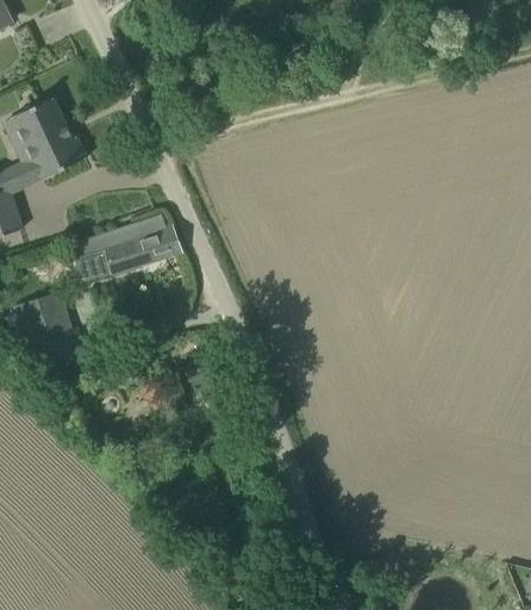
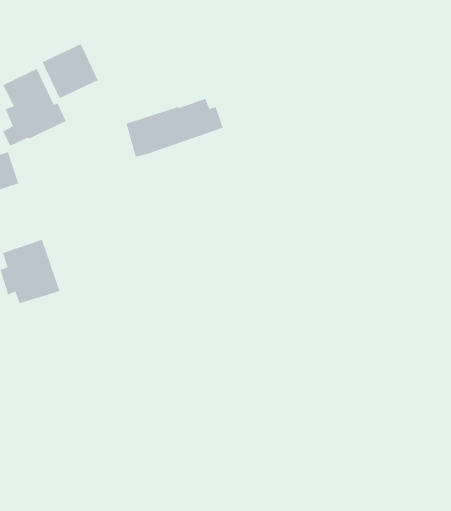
building: none -> [42,43,99,99]
building: [70,214,181,282] -> [126,98,224,158]

